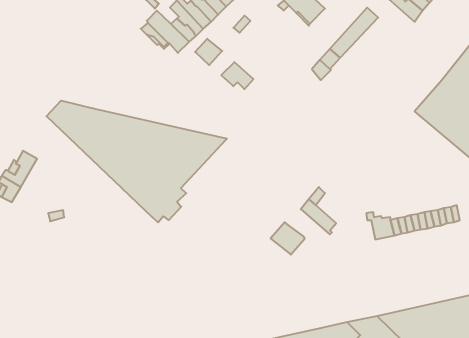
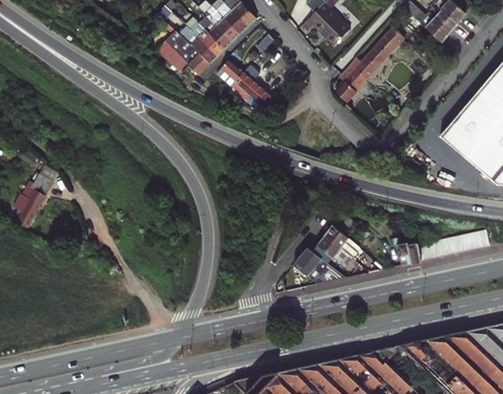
building: none -> [230,69,264,97]
building: [46,101,227,222] -> none
building: none -> [312,235,355,270]

